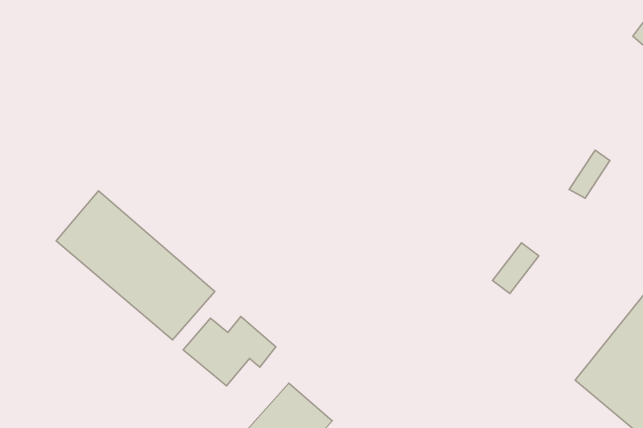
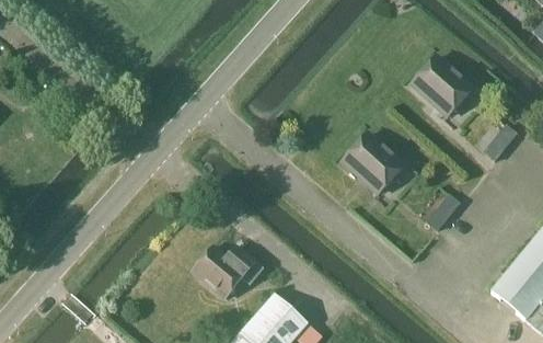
building: none -> [412,57,472,116]
building: none -> [343,134,402,193]
building: [56,191,215,340] -> none

